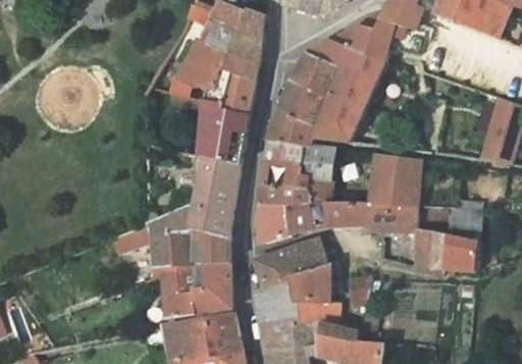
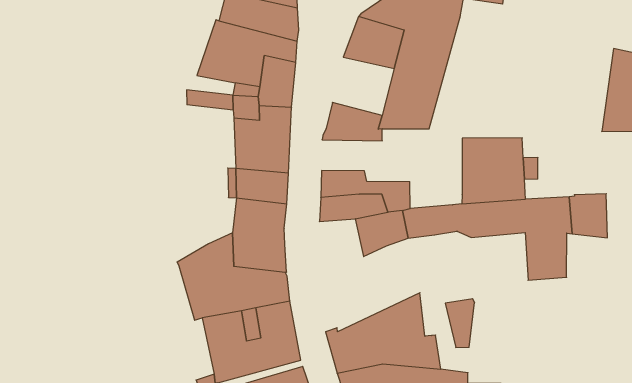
building: [278,81,328,128] -> none
building: [264,142,335,181] -> none
building: [258,204,289,242] -> none
building: [441,235,476,270] -> none
building: [252,238,328,290] -> none

